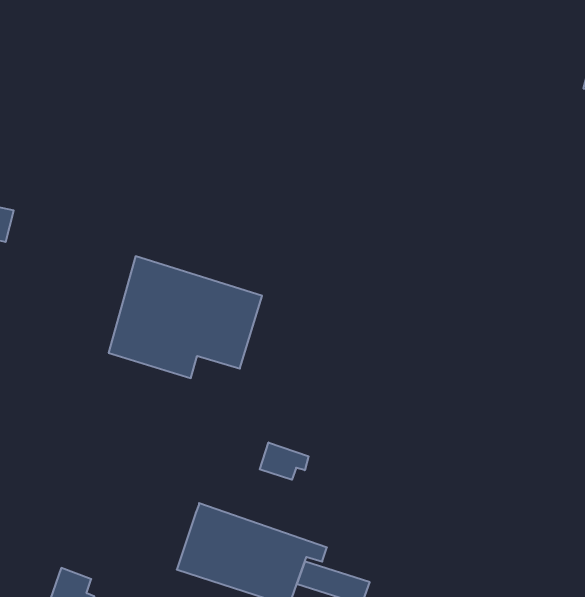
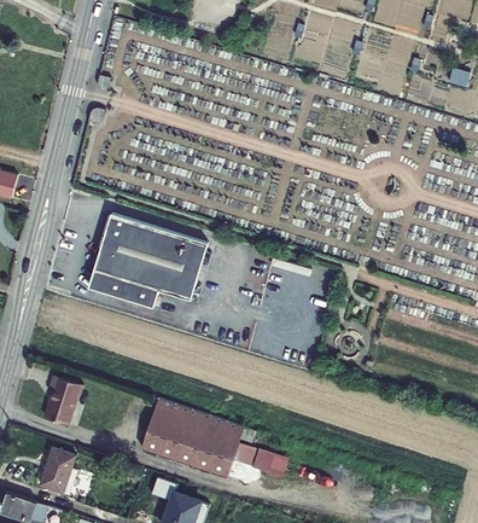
building: [260,442,309,480] -> none
building: none -> [43,376,81,425]

